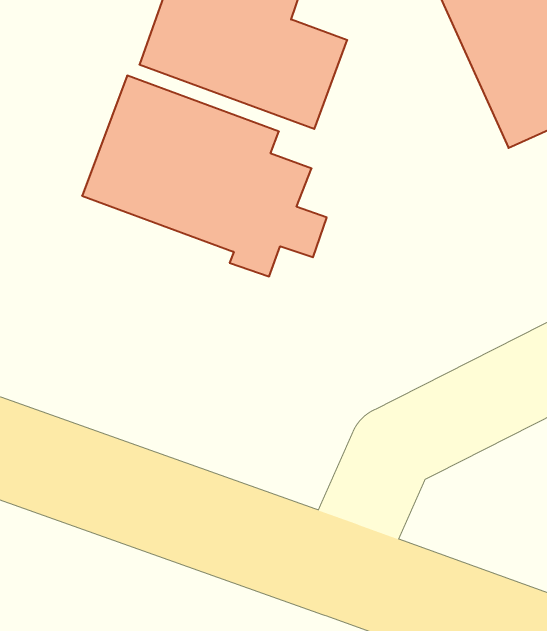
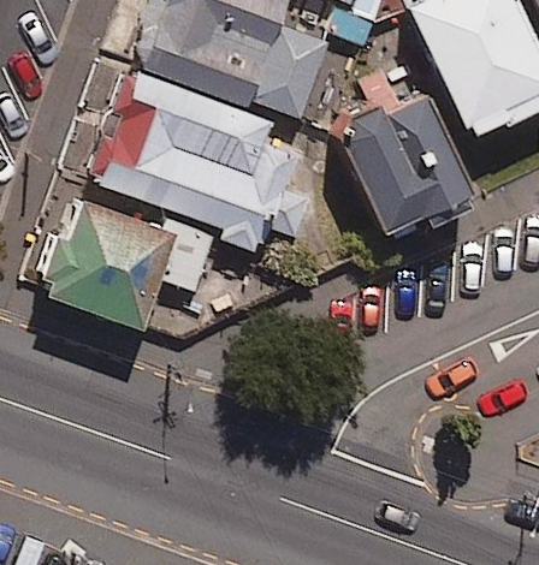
building: none -> [336,70,478,237]
building: none -> [37,198,217,327]

